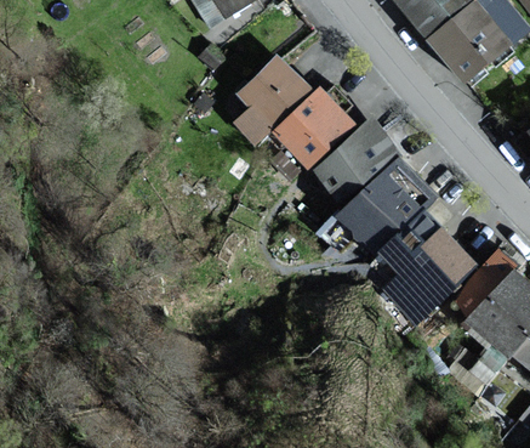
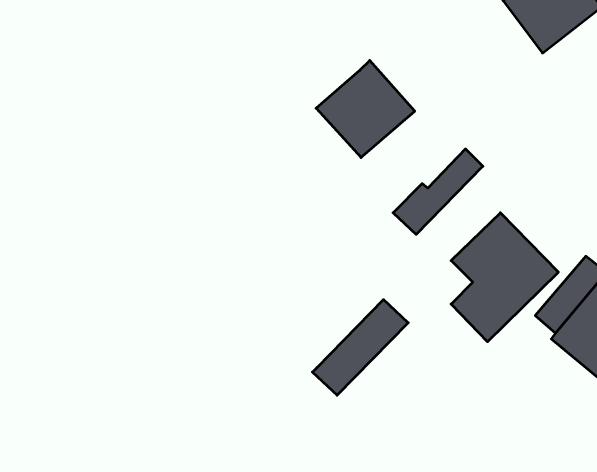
building: [234,59,309,143] -> none
building: [314,123,395,199] -> none
building: [353,175,433,255] -> [312,300,408,395]

